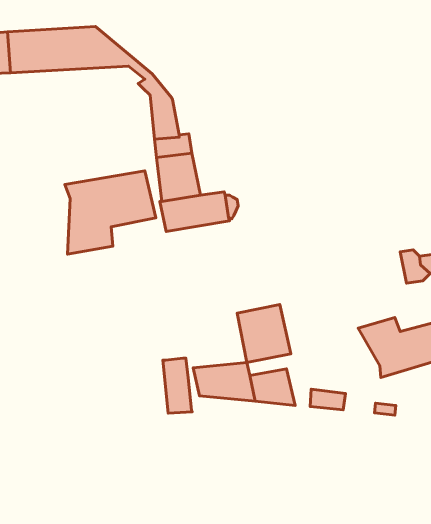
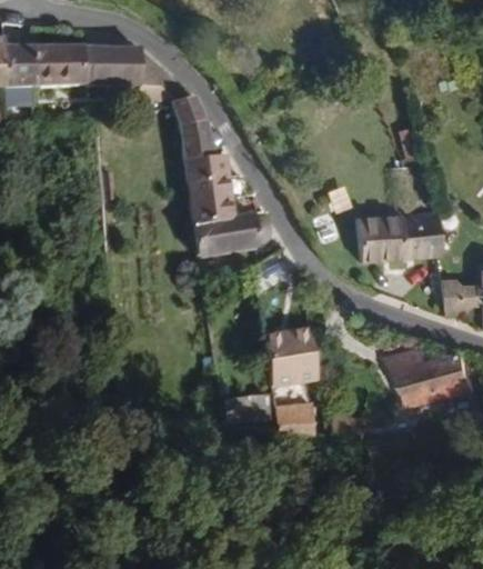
building: [65,171,156,254] -> none
building: none -> [354,207,443,264]
building: [163,358,192,413] -> none

